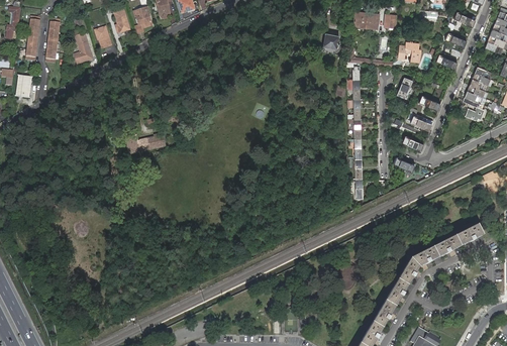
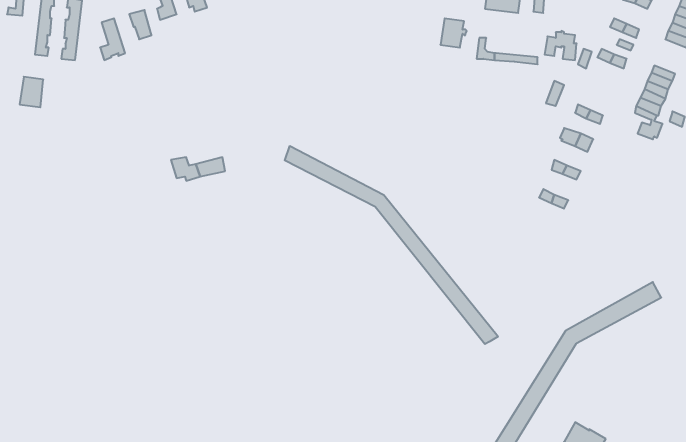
building: none -> [285,146,498,344]

